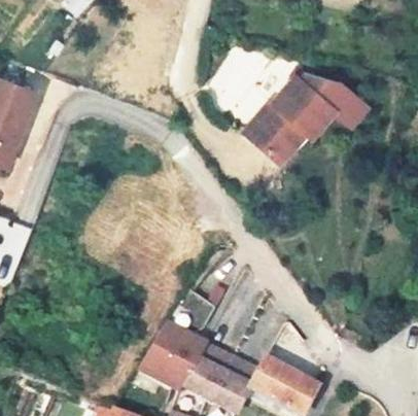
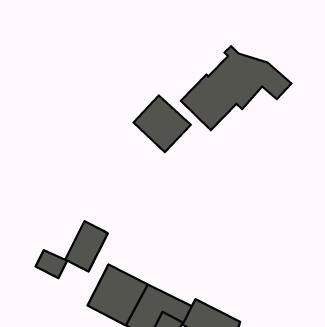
building: none -> [134,96,191,152]
building: none -> [36,221,108,278]

